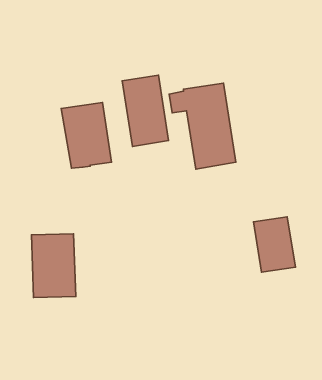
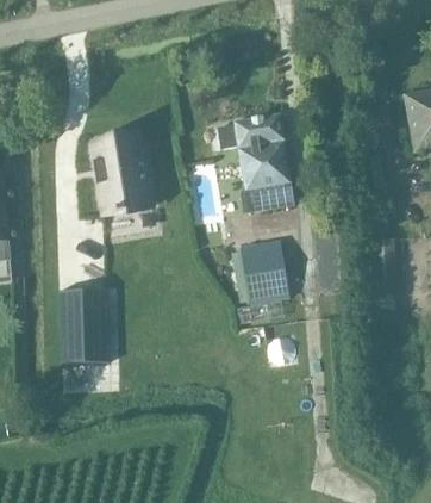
building: [122,75,169,146] -> none
building: [253,217,295,272] -> [241,242,289,306]

